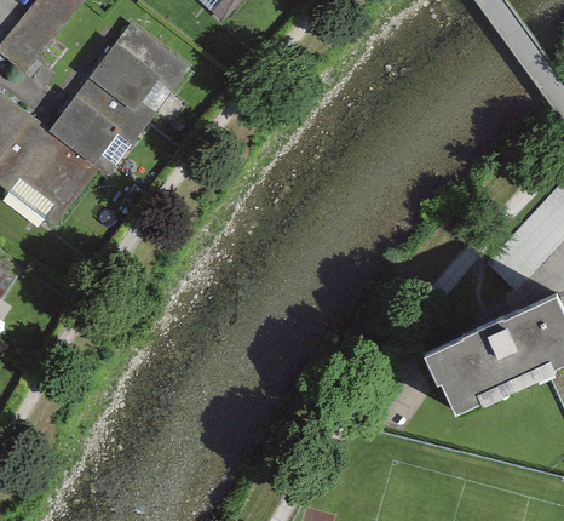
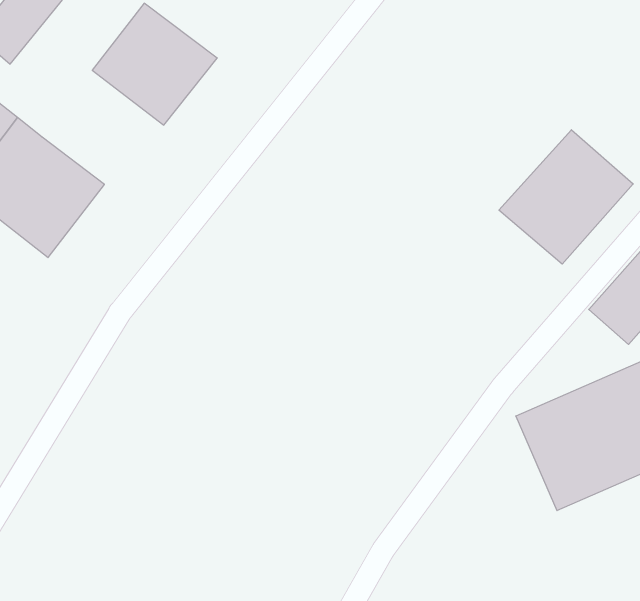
building: [48,75,145,172] -> none
building: none -> [499,130,633,264]

